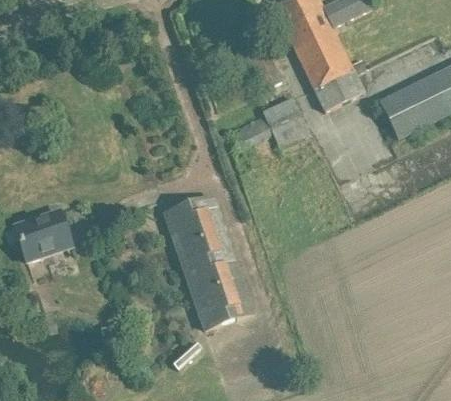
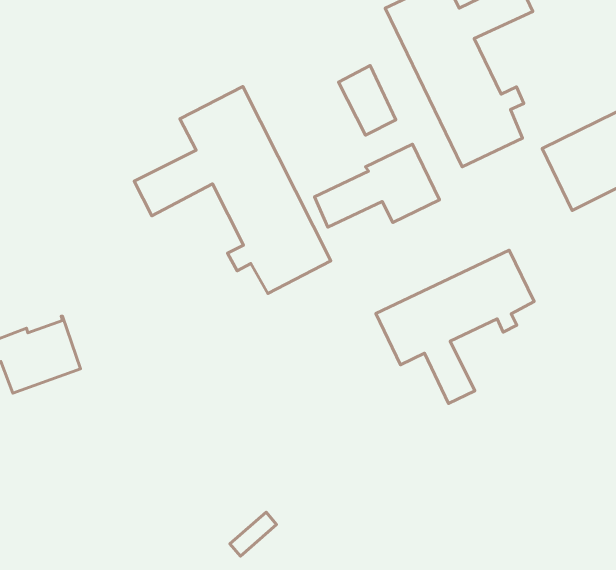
building: none -> [134,86,331,293]
building: none -> [376,250,534,404]
building: [164,197,252,331] -> none

